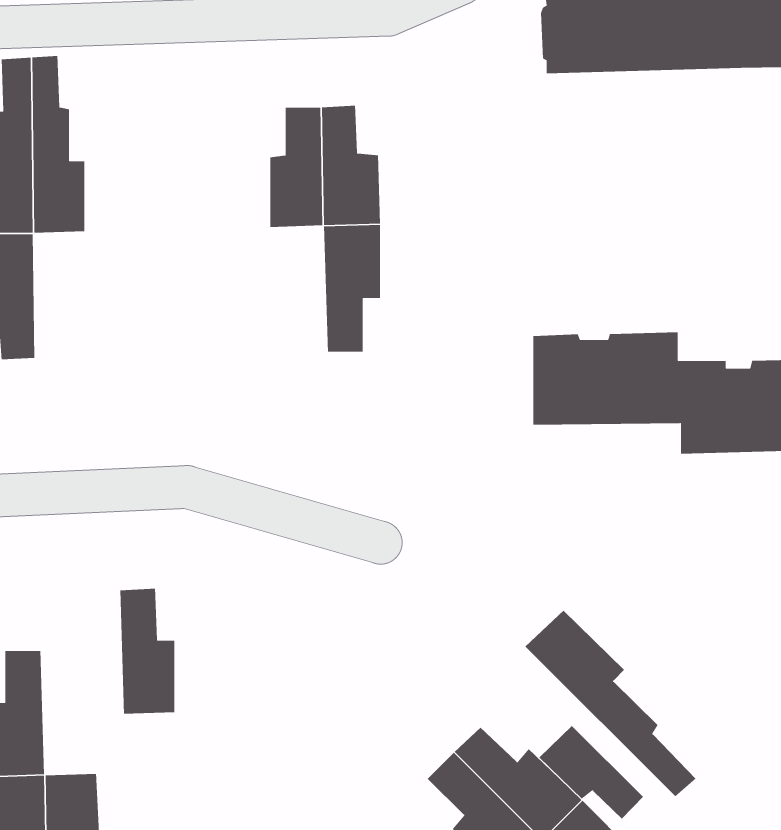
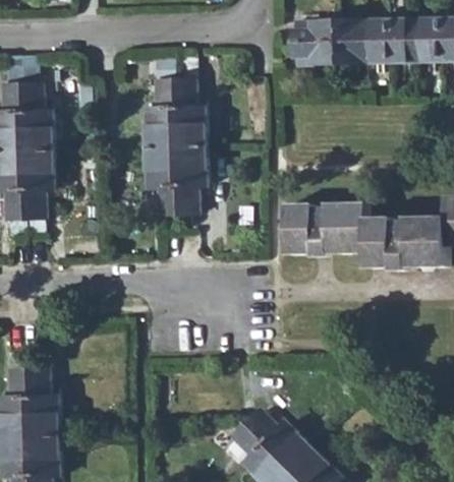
building: none -> [148,145,178,213]
building: none -> [22,148,51,216]
building: [119,588,175,715] -> [26,369,56,436]
building: [525,610,696,797] -> none
building: [538,725,644,820] -> none

